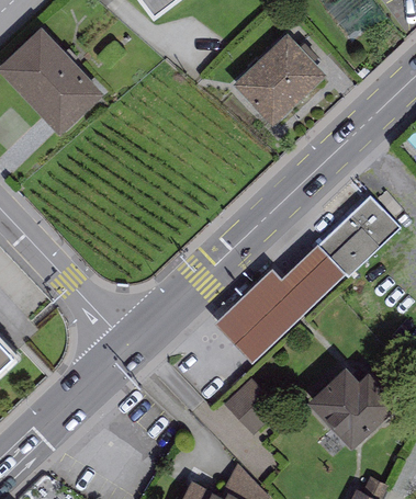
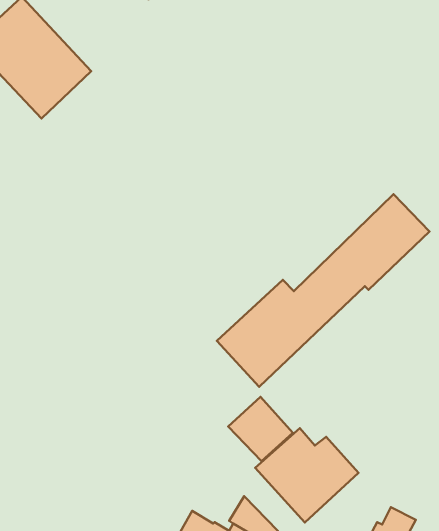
building: [233,33,325,124] -> none
building: [306,362,397,445] -> [255,428,358,522]

